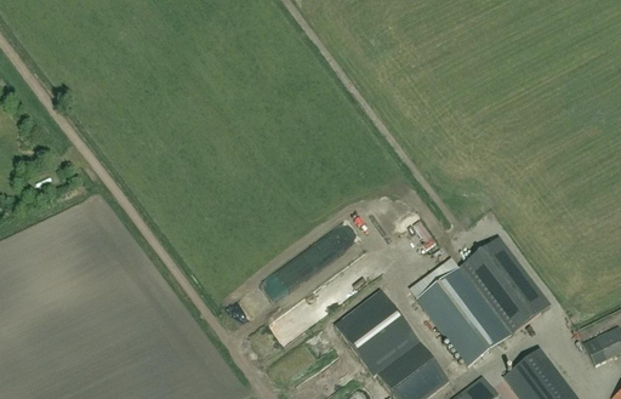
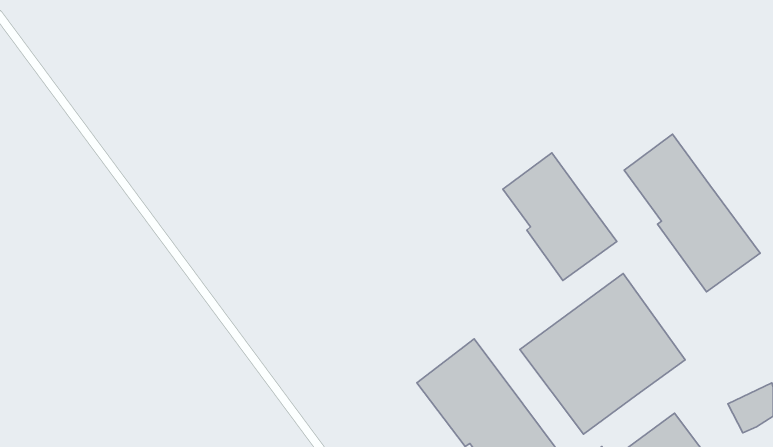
building: none -> [624,134,760,292]
building: none -> [503,153,617,280]

